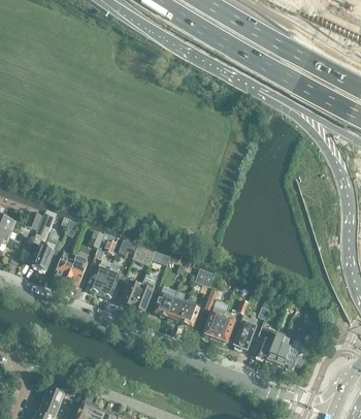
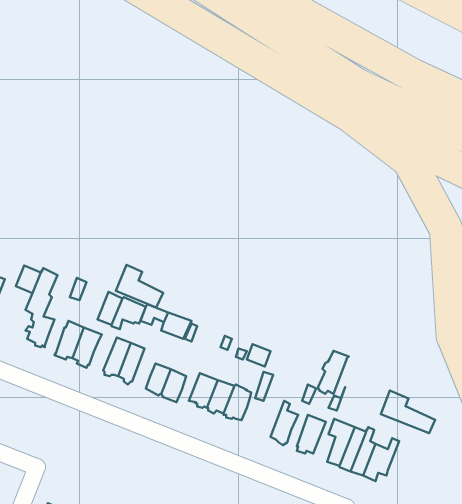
building: none -> [116,265,163,308]
building: none -> [381,391,435,433]
building: [203,305,226,337] -> [318,351,349,394]

